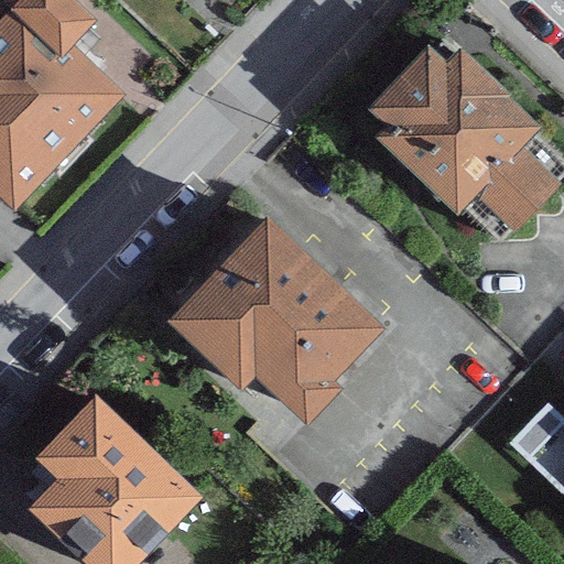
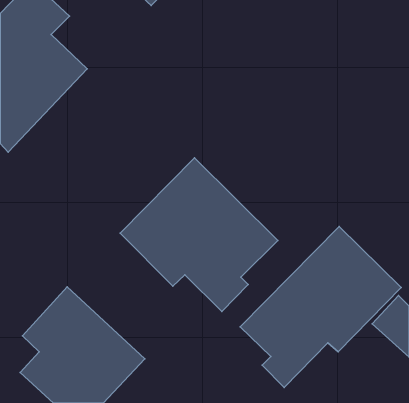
building: [369,44,558,229] -> none
building: none -> [240,226,401,388]

